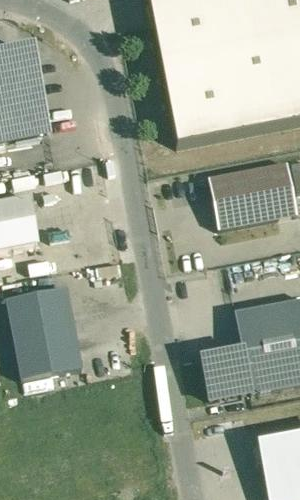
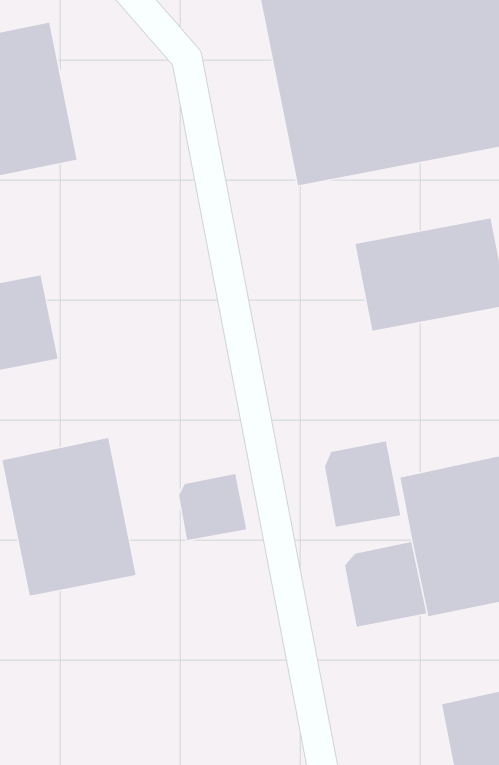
building: none -> [324,440,401,527]
building: none -> [178,473,247,541]

